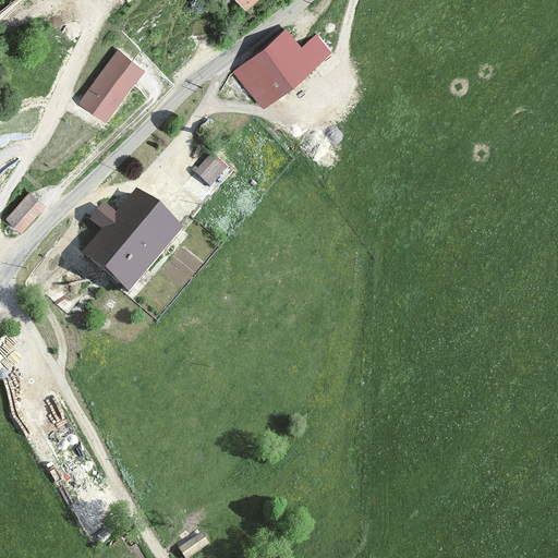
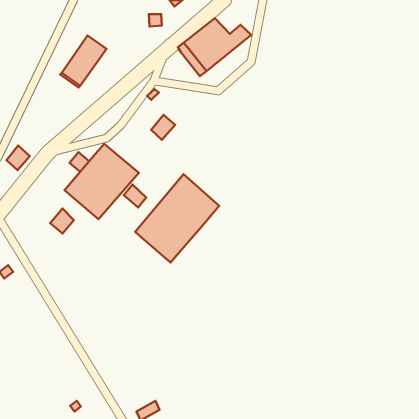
building: none -> [135,174,219,263]
building: none -> [124,184,146,207]
building: none -> [50,208,74,234]

